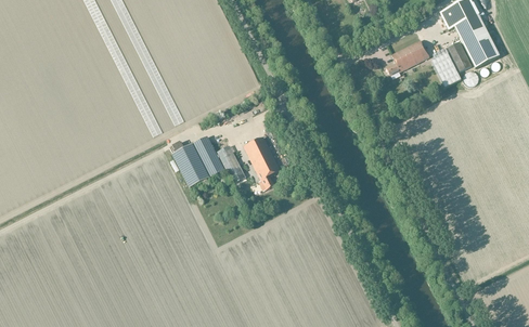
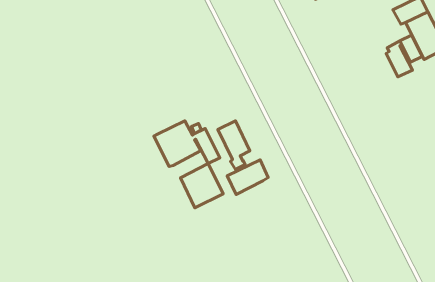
building: [386,39,429,75] -> none
building: none -> [227,160,268,194]
building: none -> [180,164,223,208]

